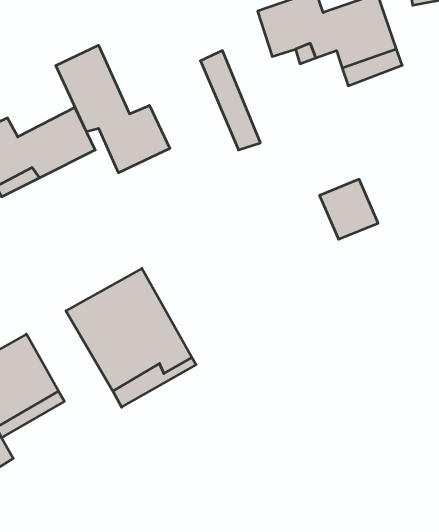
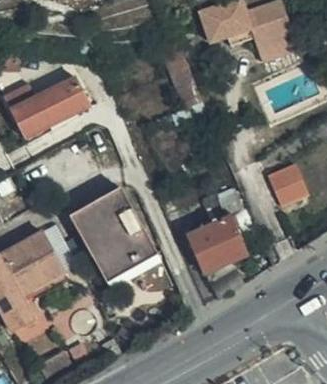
building: [56,45,170,173] -> none
building: [320,179,378,239] -> [268,164,308,205]
building: none -> [191,217,244,270]

